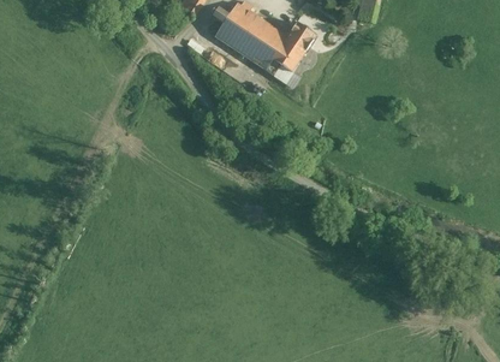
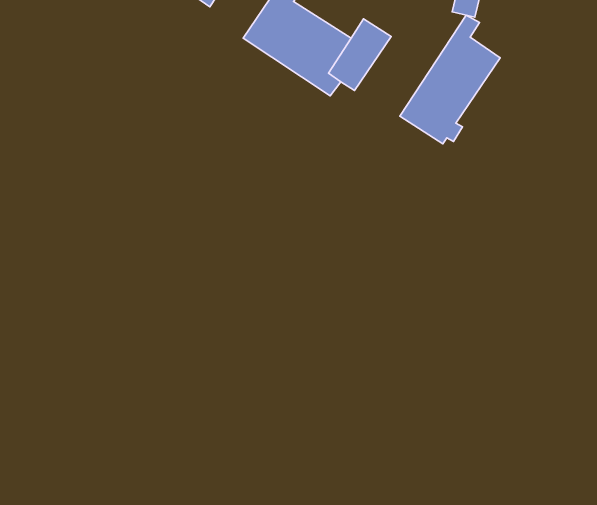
building: none -> [400,15,500,144]

